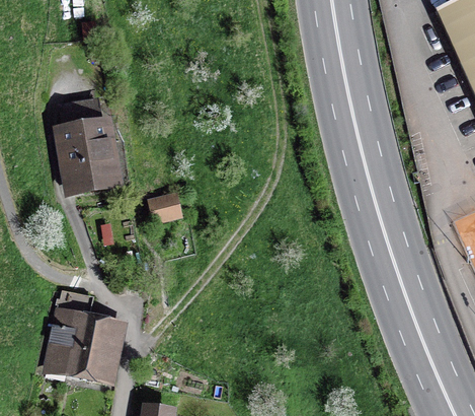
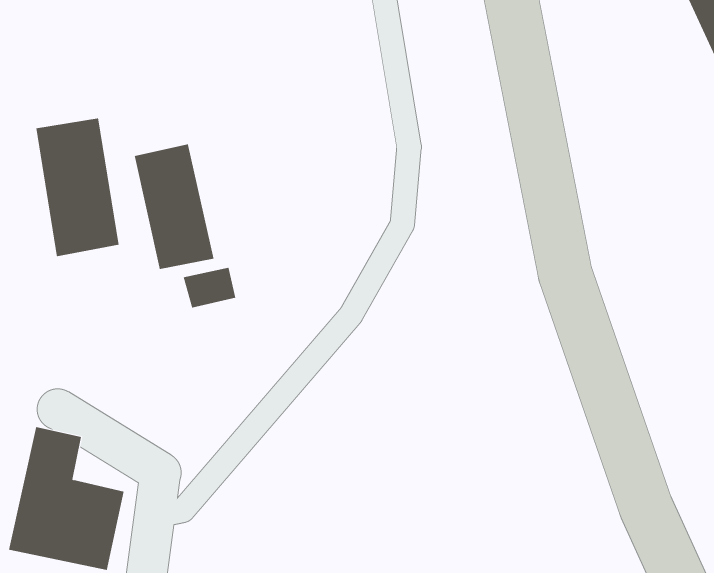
building: none -> [134,143,214,270]

